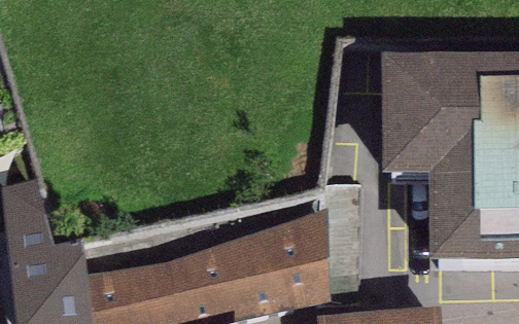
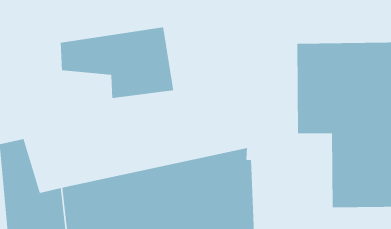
building: none -> [60,26,174,99]

